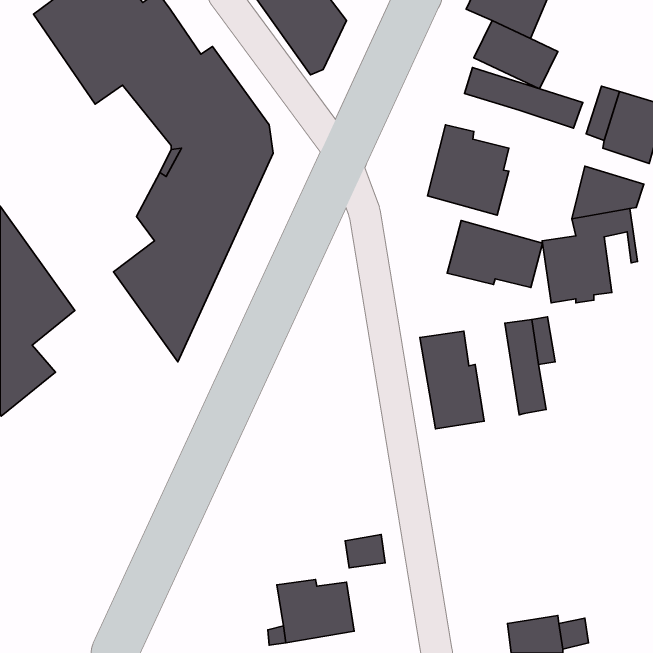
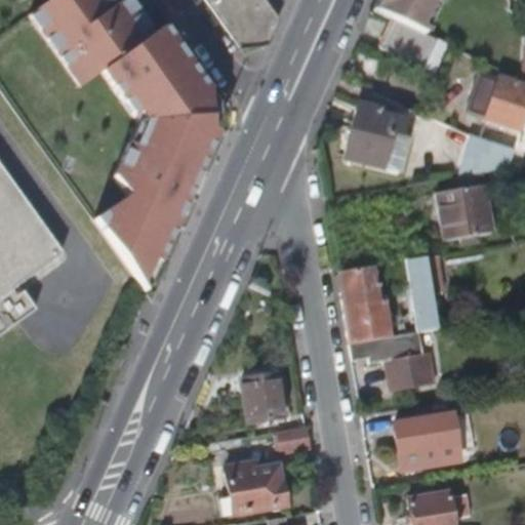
building: [465,68,583,128] -> none
building: [447,221,543,287] -> none
building: none -> [351,329,434,387]
building: none -> [243,373,285,421]
building: none -> [394,412,459,469]

